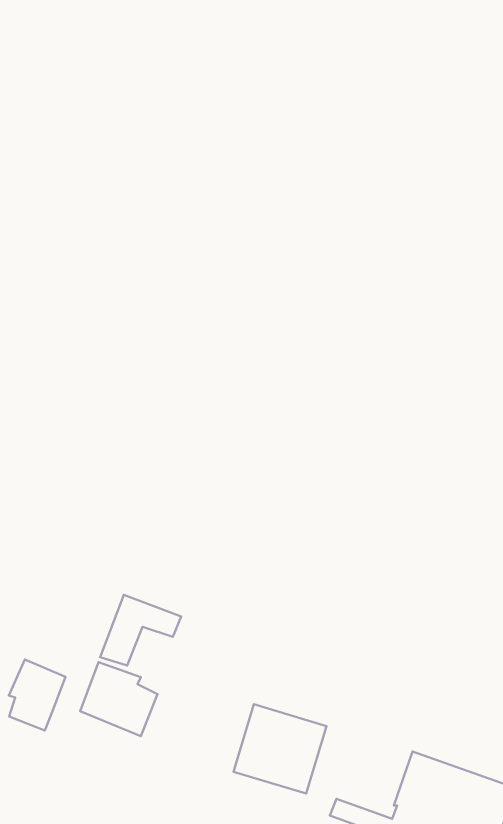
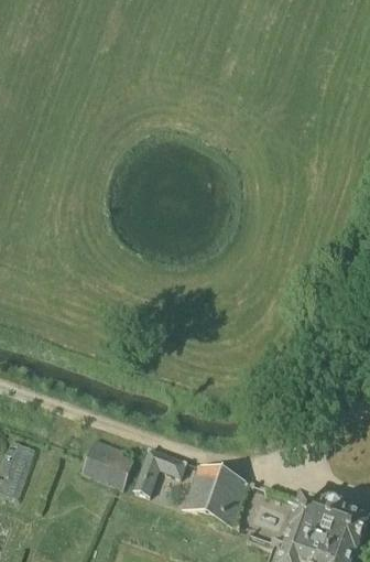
building: [100,595,181,666] -> [134,448,187,495]
building: [9,660,65,731] -> none

